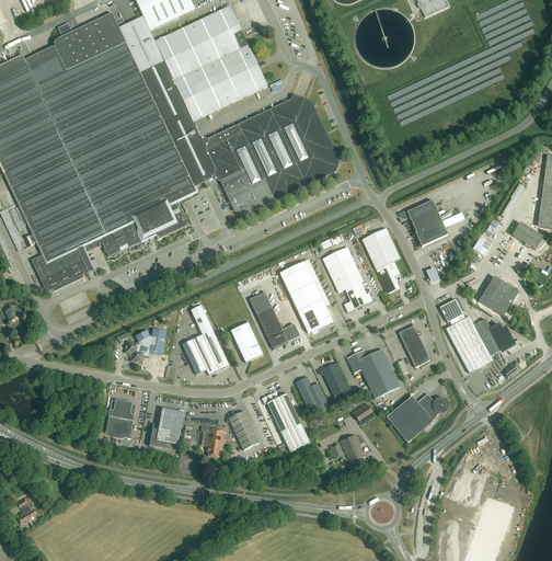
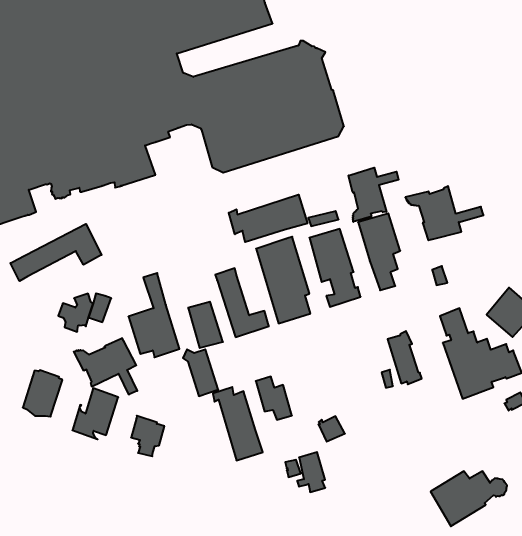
building: none -> [349,168,399,222]
building: none -> [229,195,307,242]
building: none -> [10,224,102,281]
building: [346,347,400,398] -> none
building: none -> [74,338,137,395]
building: [321,362,354,400] -> none
building: [386,392,448,442] -> [431,471,507,526]
building: [226,410,258,449] -> [183,349,218,396]

